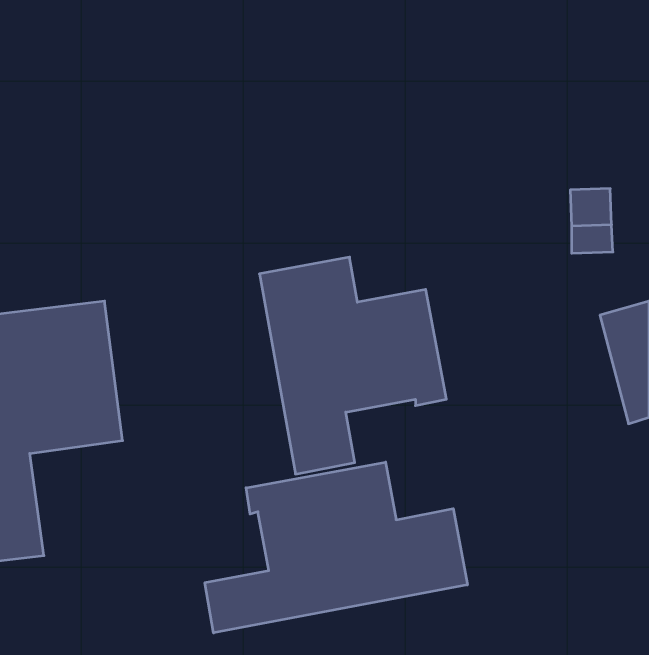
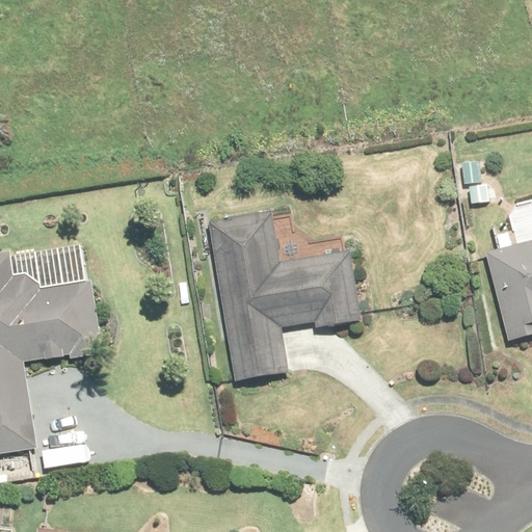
building: [205,462,467,633] -> none

